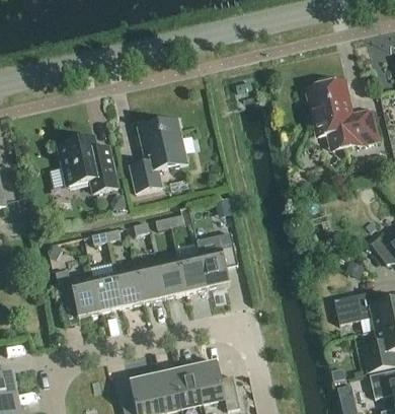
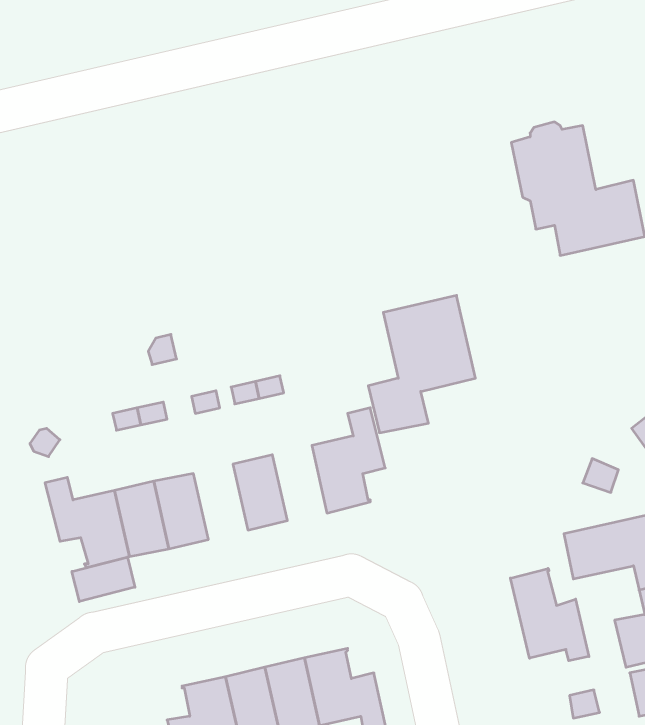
building: [130,119,187,193] -> [368,295,475,433]
building: [58,138,117,193] -> none
building: [177,253,207,293] -> none
building: [135,263,164,303] -> none
building: none -> [72,557,135,602]
building: none -> [510,568,589,661]

